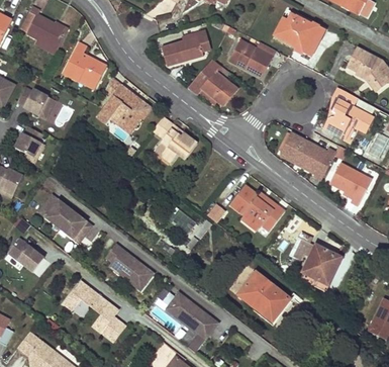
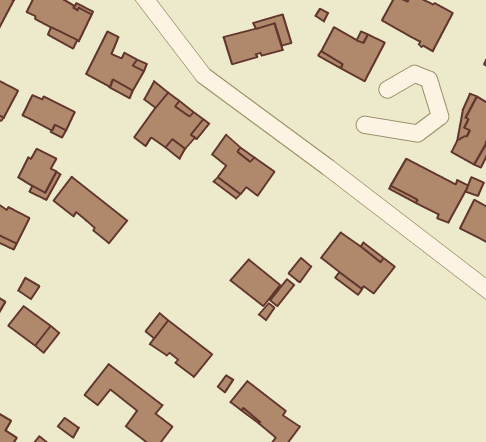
building: [187,58,236,104] -> none
building: [38,193,91,241] -> [54,177,127,243]
building: [288,233,341,289] -> none
building: [238,271,289,319] -> none

